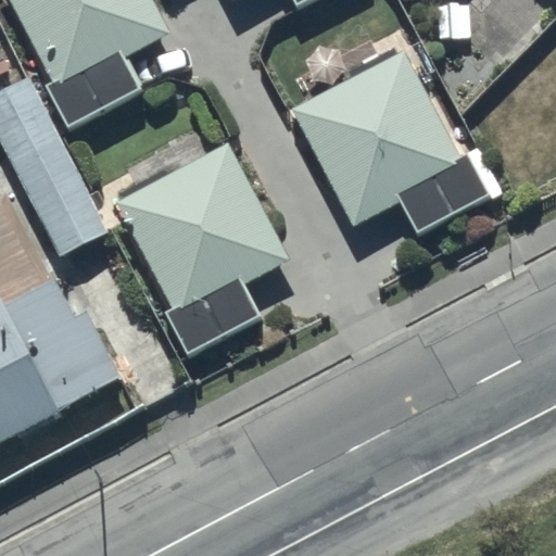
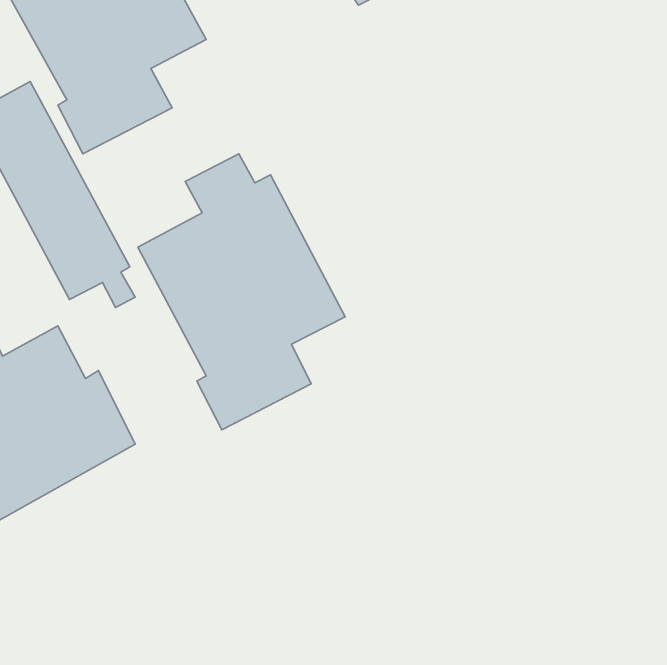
building: [291,53,504,235] -> none

